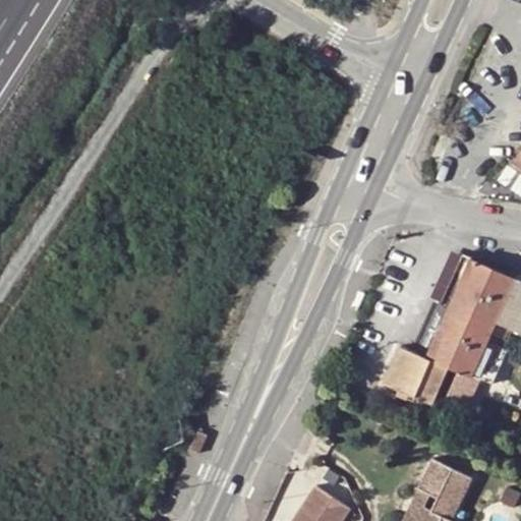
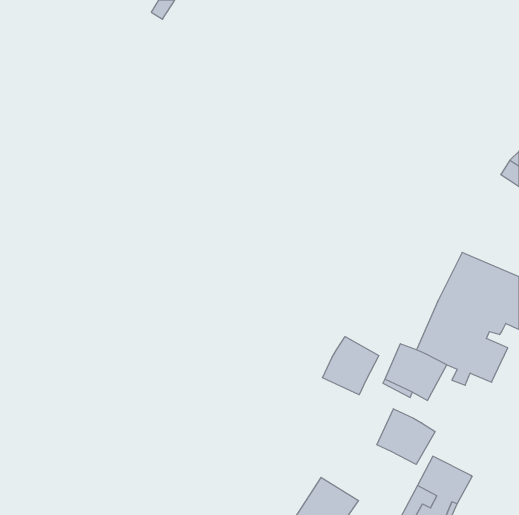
building: none -> [322,337,379,395]
building: none -> [377,409,435,464]

